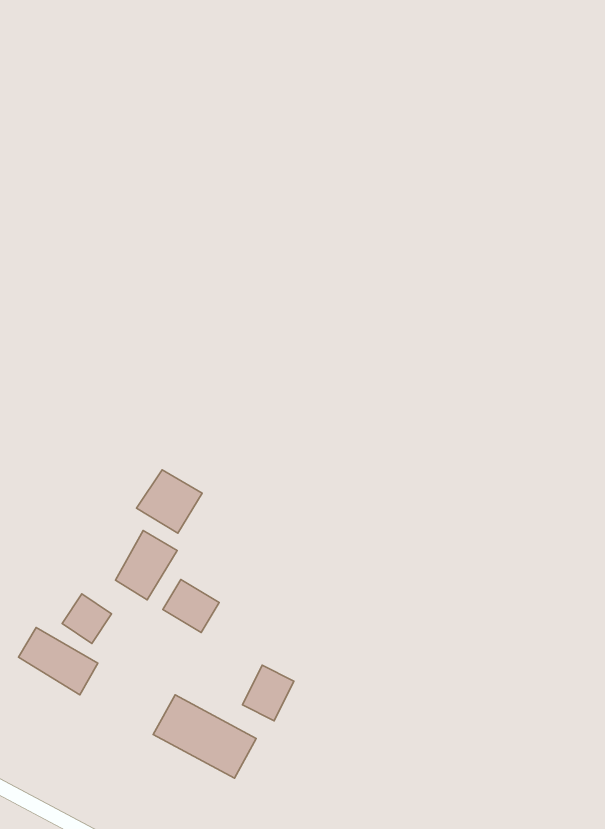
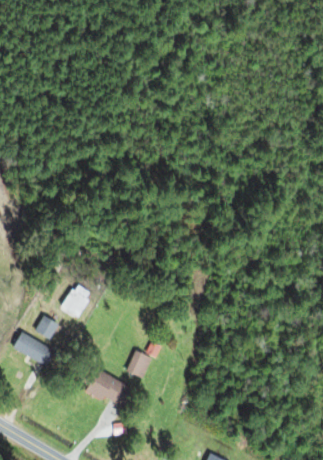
building: [137,470,202,533] -> none
building: [163,579,219,633] -> none

